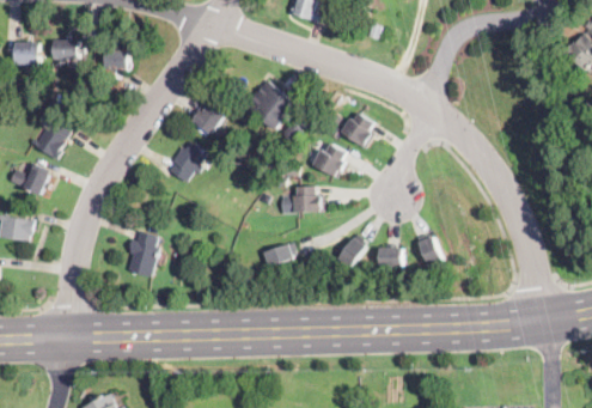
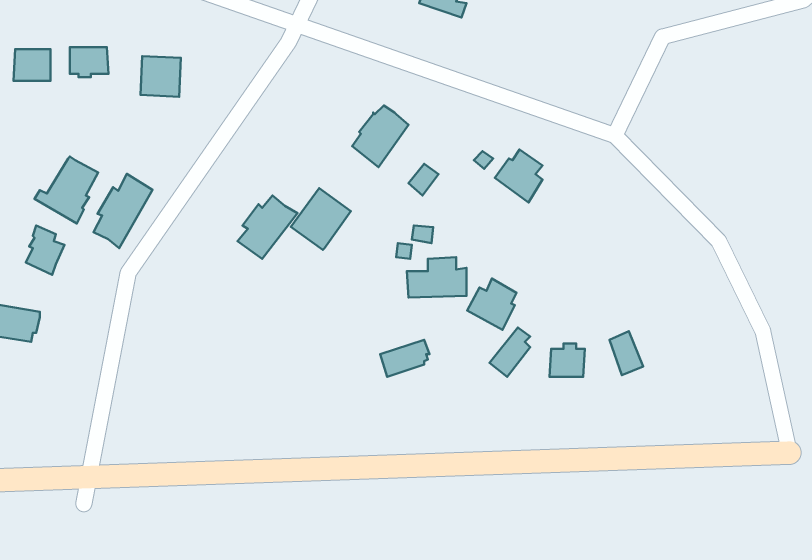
building: [189,93,230,135] -> [291,188,351,250]
building: none -> [94,174,152,248]
building: [312,142,346,177] -> [467,279,516,330]
building: [126,232,159,279] -> none

